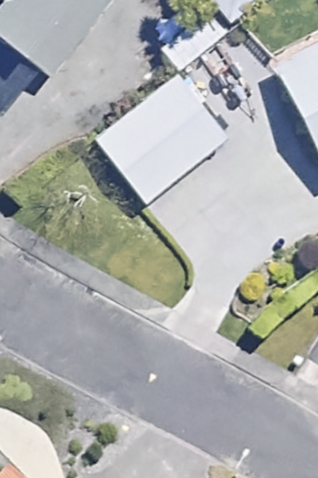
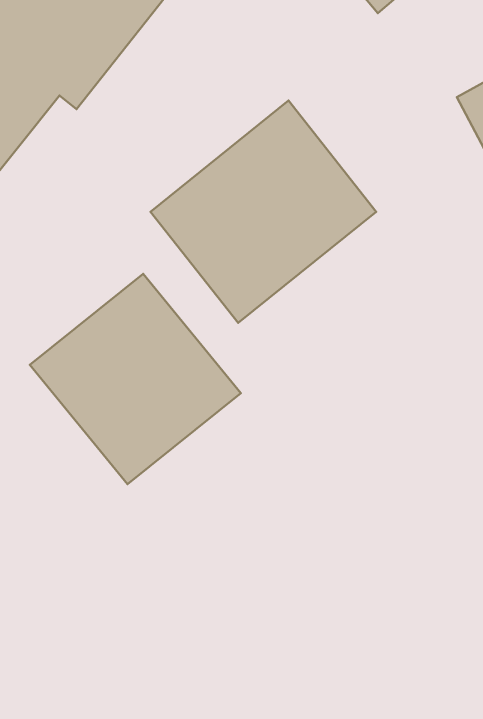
building: none -> [30,274,241,484]

